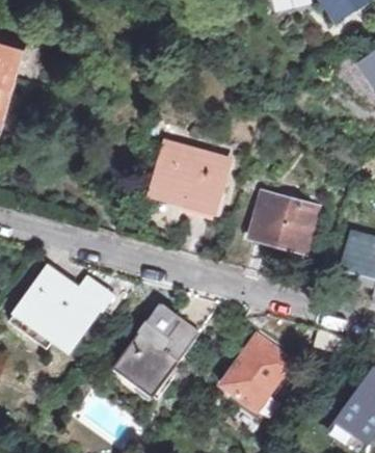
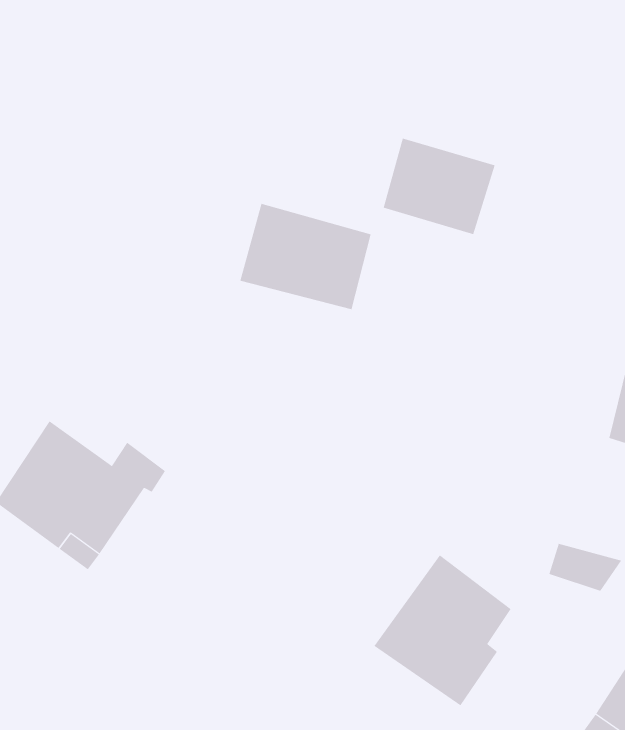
building: [255,199,315,251] -> [383,138,495,235]
building: [122,304,206,393] -> none

